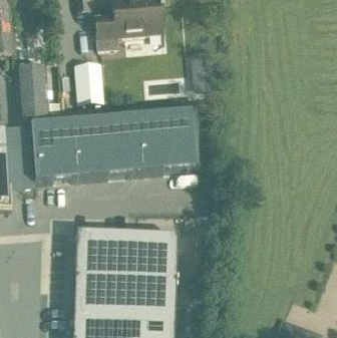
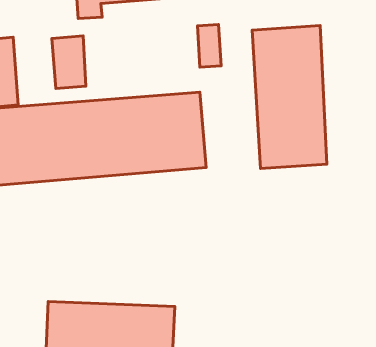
building: none -> [252,26,327,168]
building: [73,231,176,278] -> none

